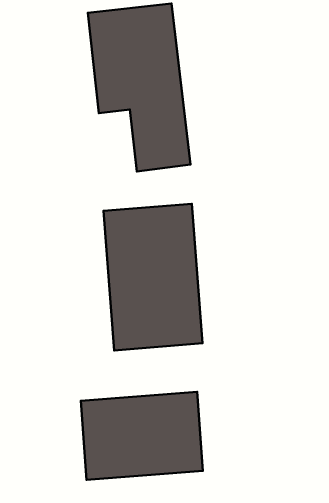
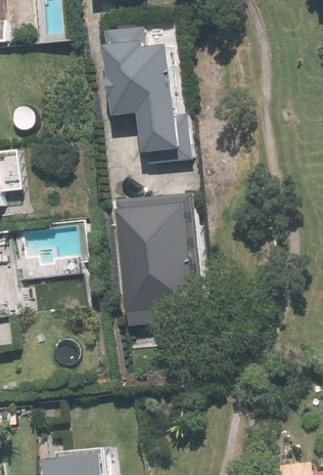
building: [81,392,203,480] -> none

